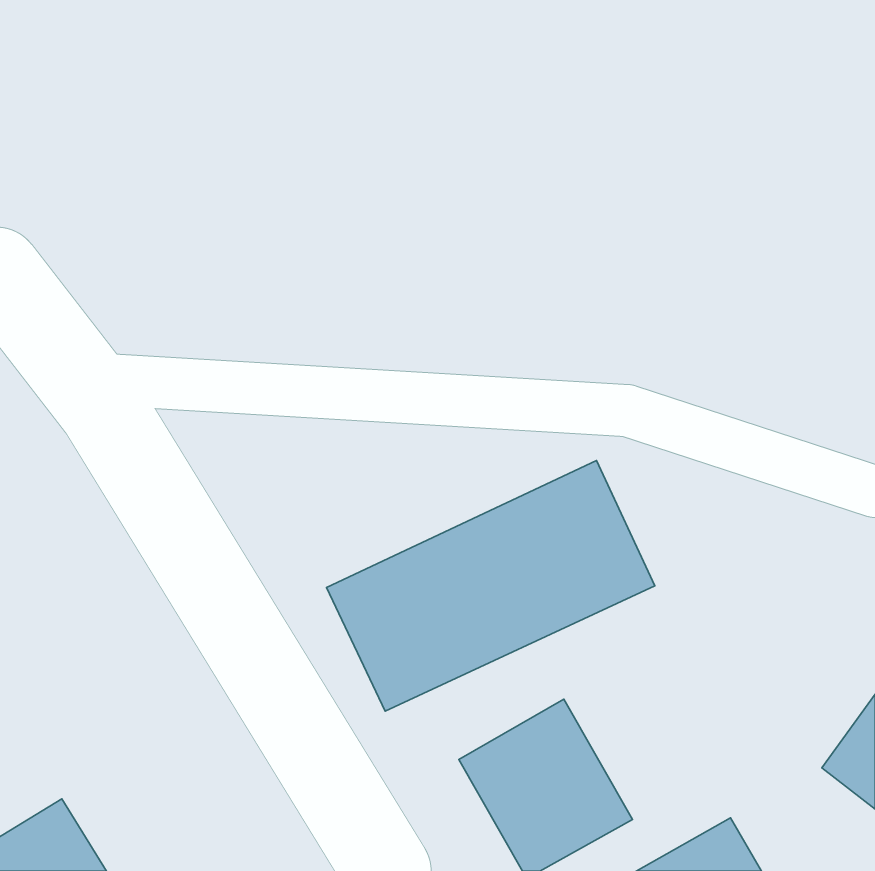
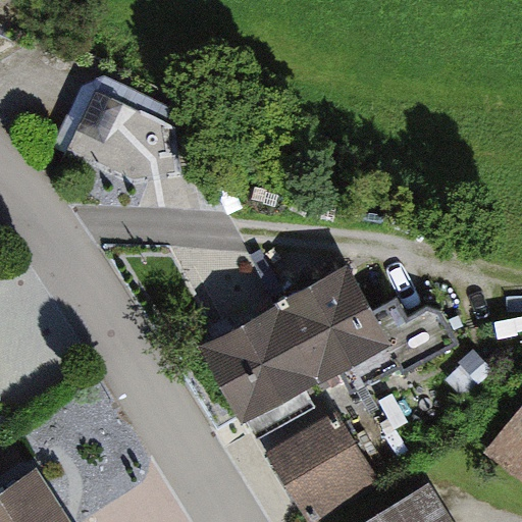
building: none -> [58,66,195,193]

